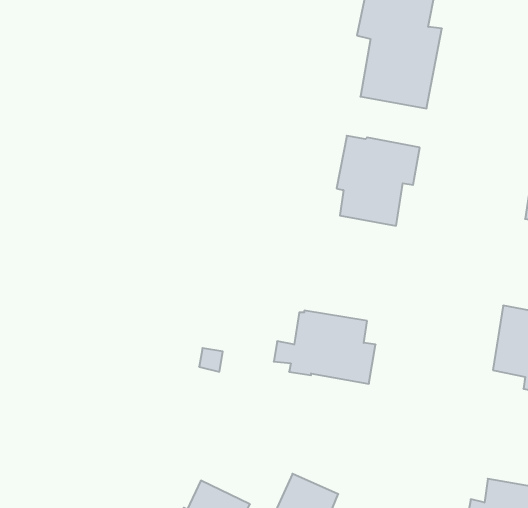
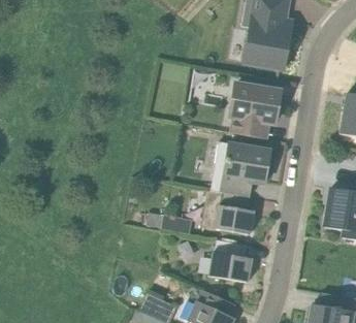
building: none -> [211,141,270,196]
building: none -> [209,239,253,282]

